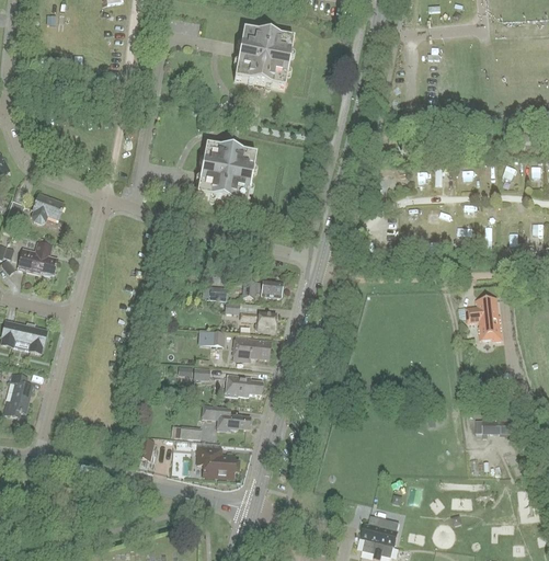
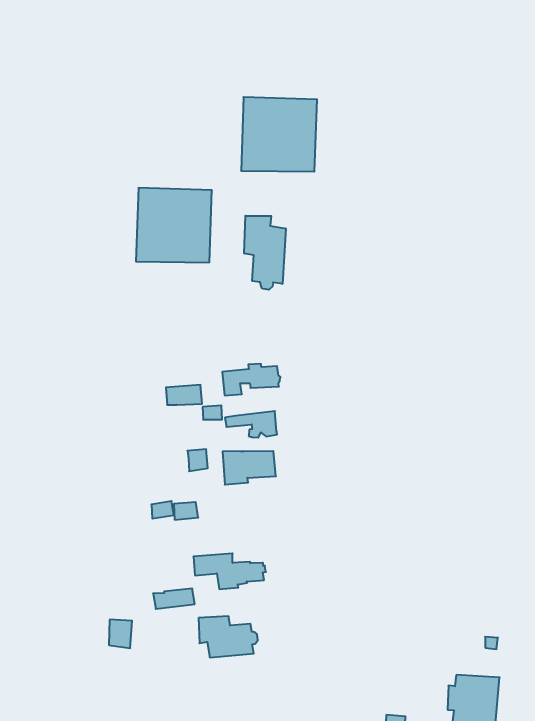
building: [233,28,294,88] -> [241,97,317,172]
building: none -> [244,216,286,290]
building: [225,374,262,396] -> none

